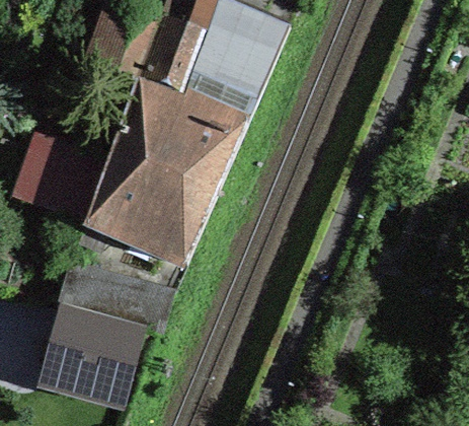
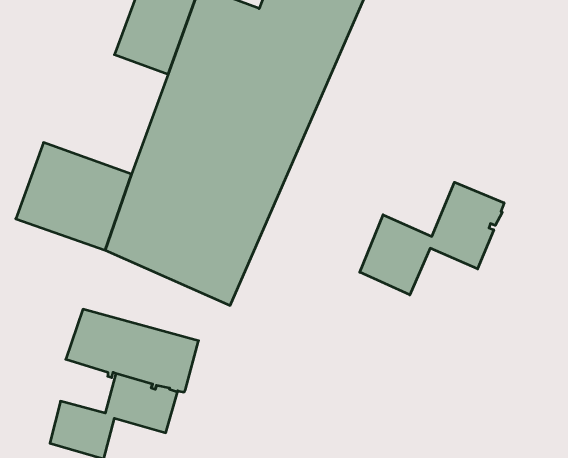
building: none -> [360,182,504,295]

